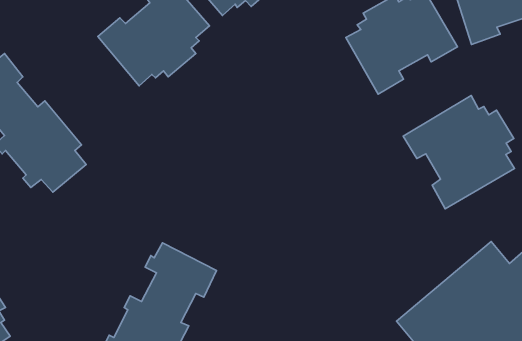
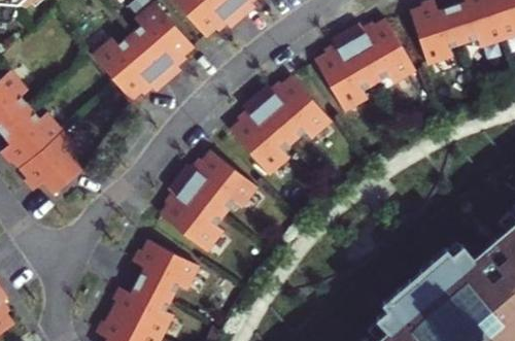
building: none -> [232,76,332,174]
building: [403,95,514,209] -> none
building: none -> [164,152,261,251]

